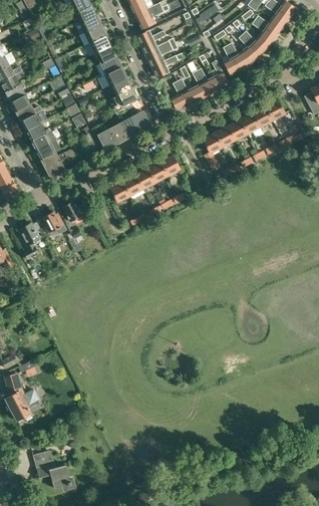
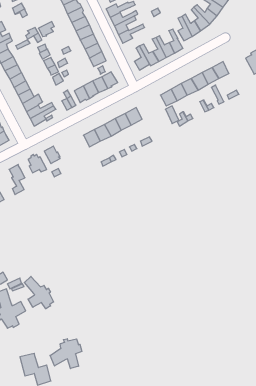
building: none -> [24,276,54,309]
building: none -> [50,339,82,369]

